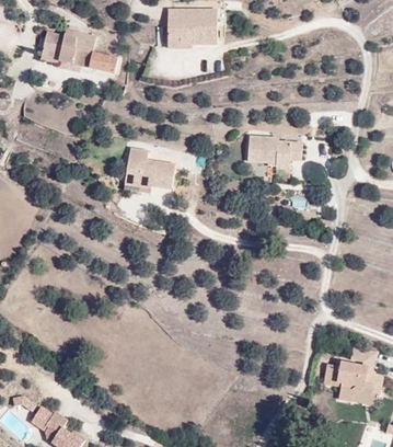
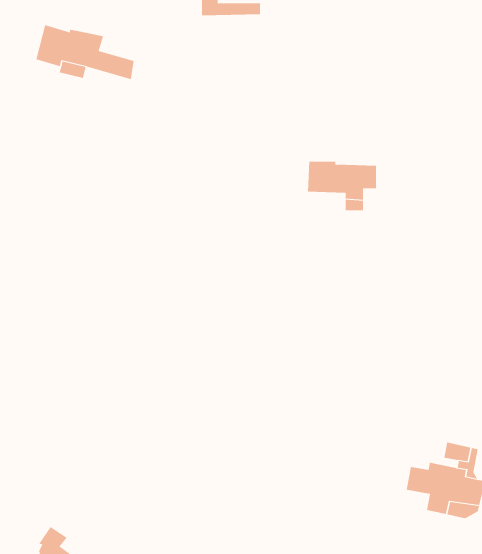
building: [166,23,213,44] -> none
building: [124,147,175,192] -> none

